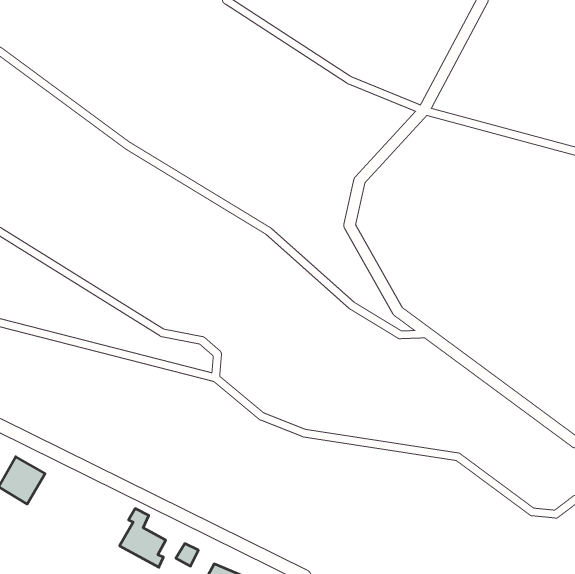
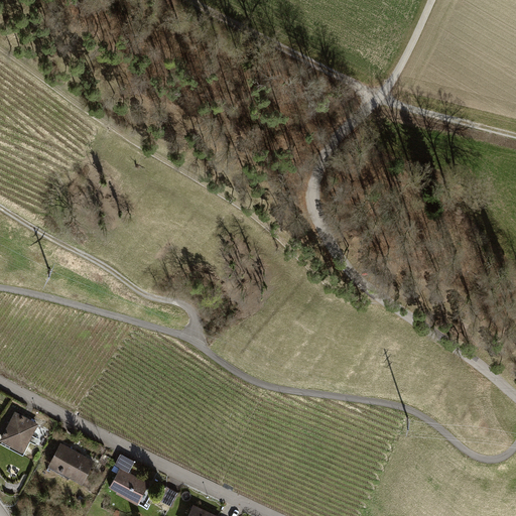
building: none -> [47,443,94,485]

